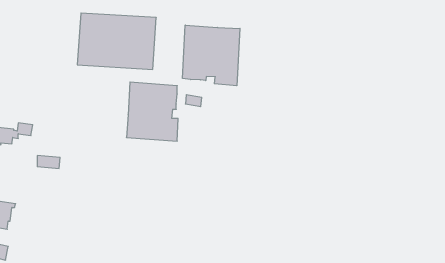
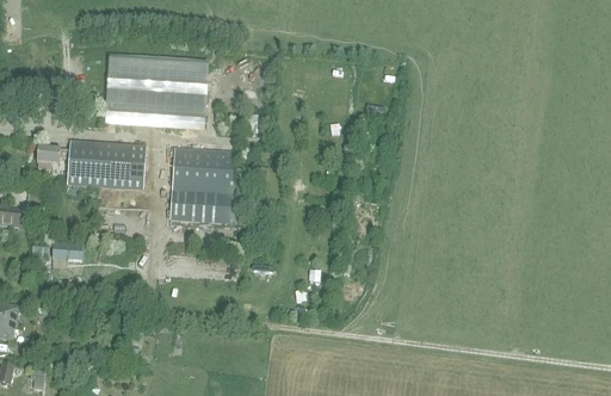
building: [183,25,240,86] -> none
building: none -> [36,138,146,187]

